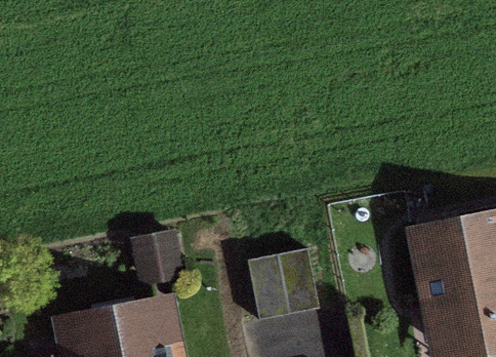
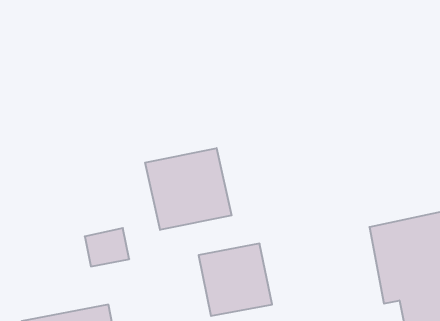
building: none -> [145,148,232,230]

